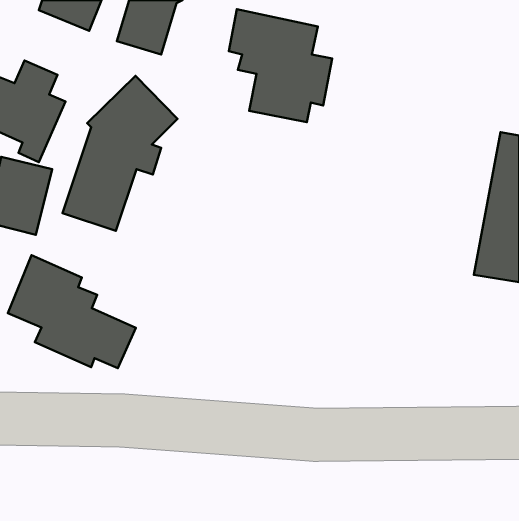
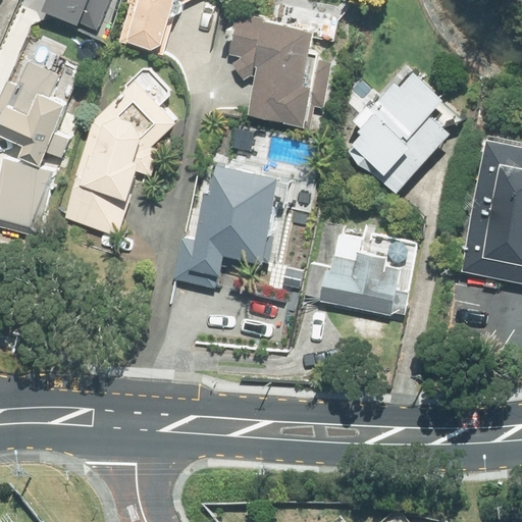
building: none -> [348,63,453,193]
building: none -> [172,161,282,289]
building: none -> [301,234,408,317]
building: [8,255,136,368] -> none

